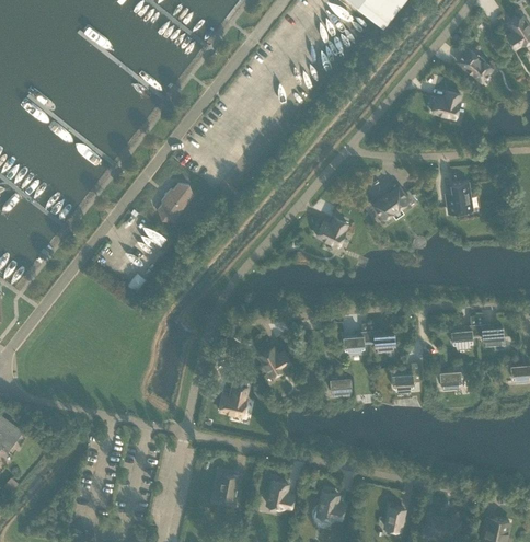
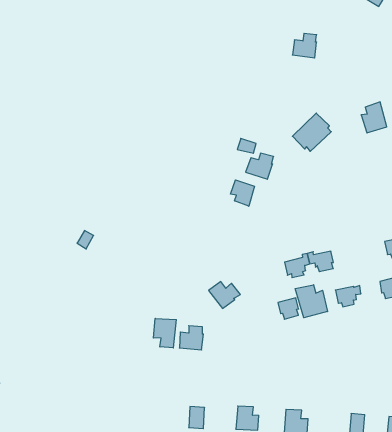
building: [431,90,460,117] -> [292,33,317,58]
building: [158,182,193,219] -> none
building: none -> [231,180,255,206]
building: none -> [295,285,328,318]
building: none -> [153,318,176,348]

